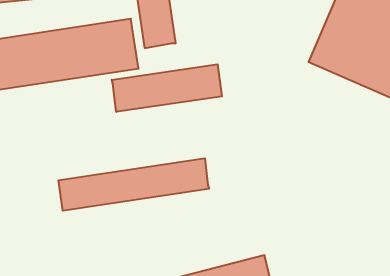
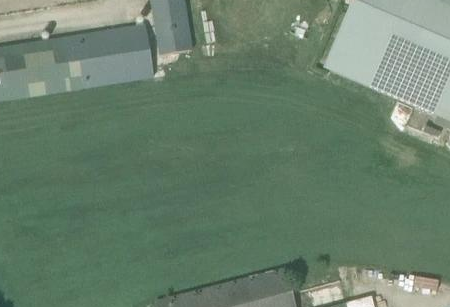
building: [112,64,222,112] -> none
building: [59,158,209,211] -> none

